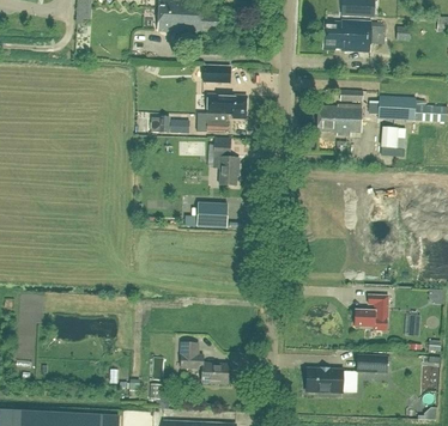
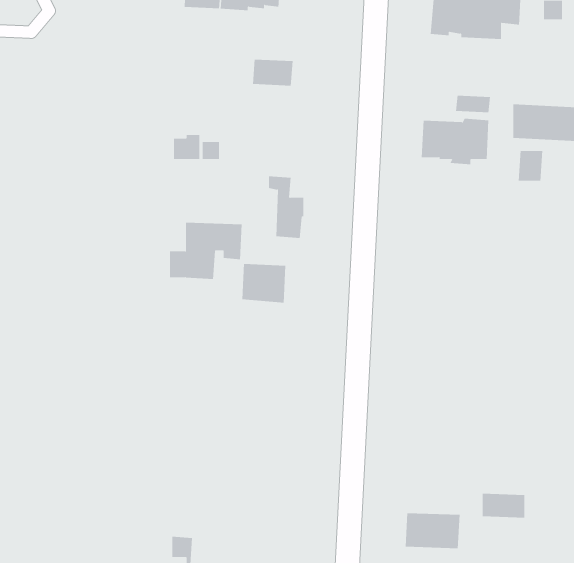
building: [196,93,246,132] -> [169,222,243,280]
building: [353,294,387,329] -> none
building: [180,341,229,382] -> none

